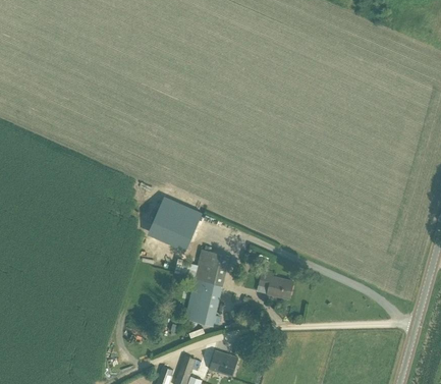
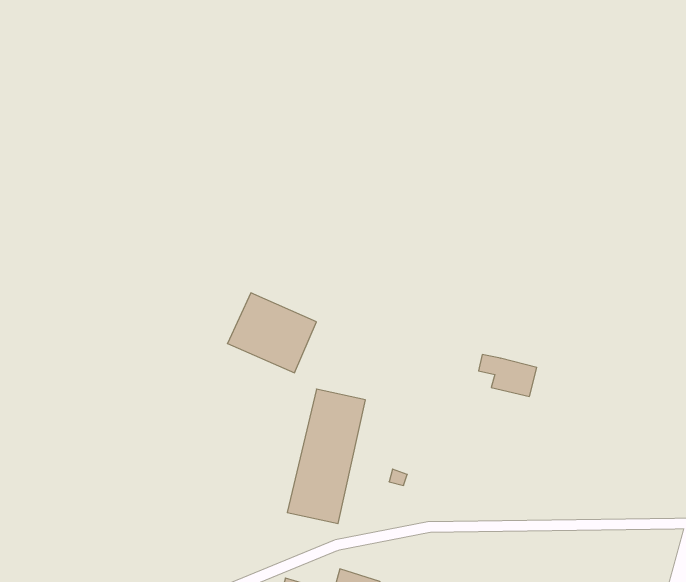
building: [261,274,293,297] -> [479,355,537,396]

